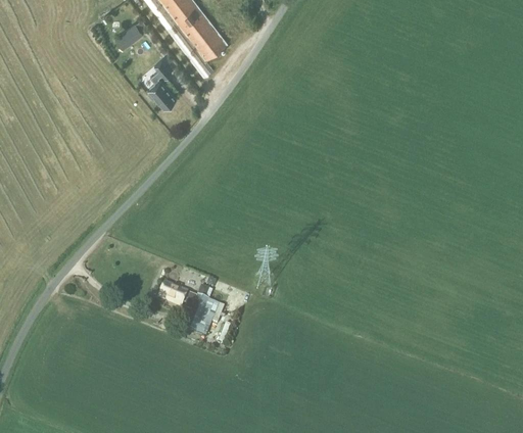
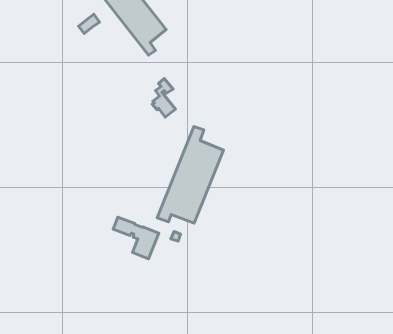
building: [149,58,179,107] -> [152,79,175,117]
building: none -> [157,126,224,223]

